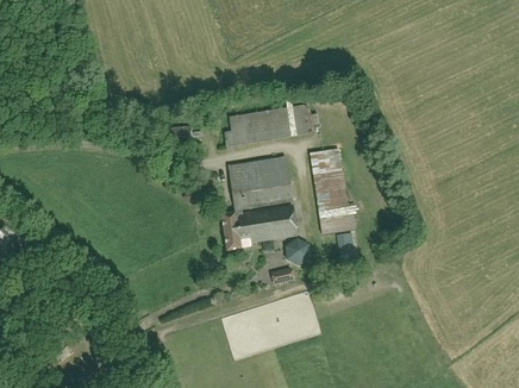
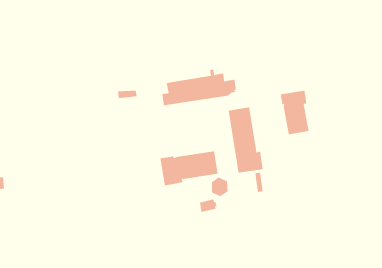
building: none -> [280,90,309,135]
building: [227,157,290,212] -> none

